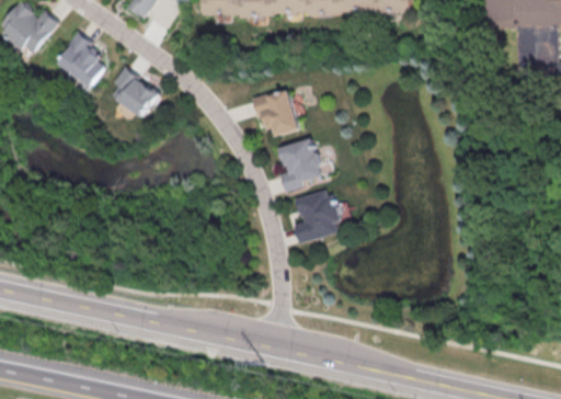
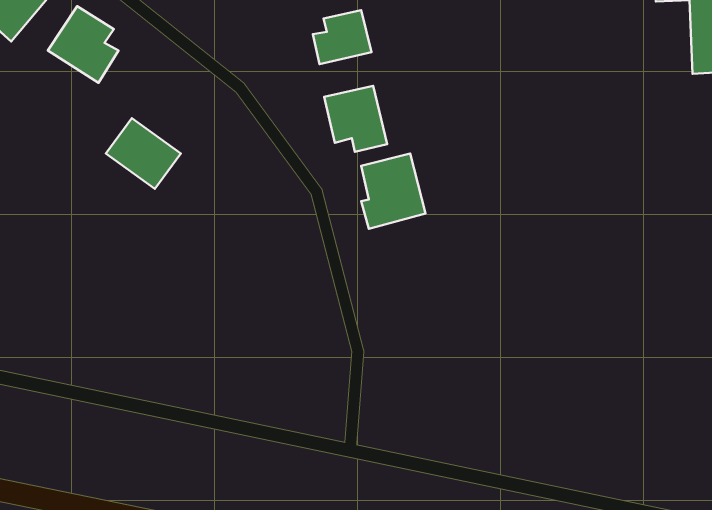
building: none -> [313,10,372,64]
building: [107,67,161,117] -> [106,118,181,189]
building: [295,187,344,243] -> none

